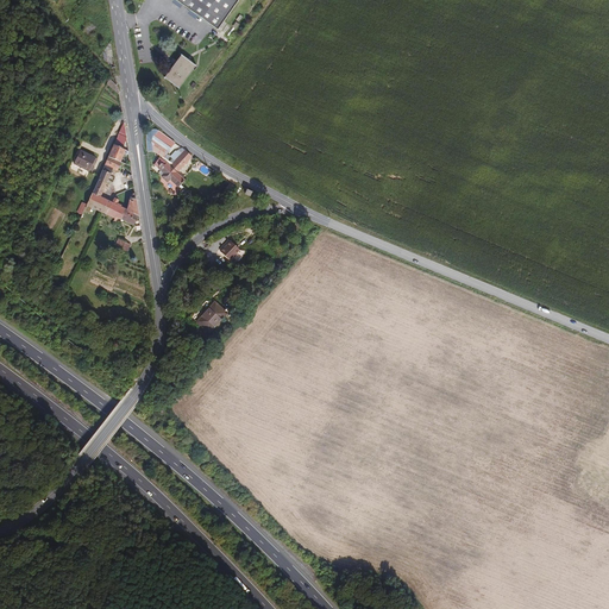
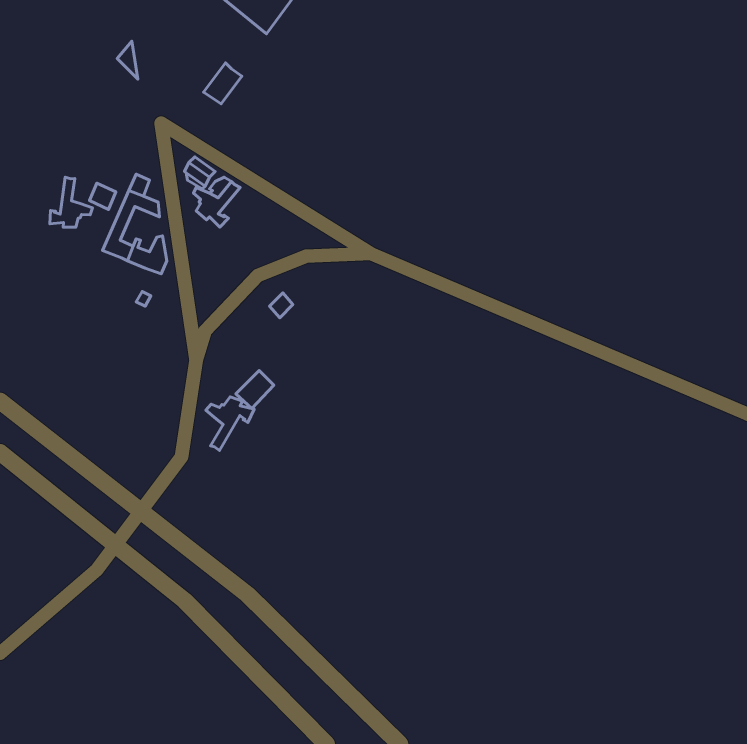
building: none -> [50,177,93,227]
building: none -> [206,397,254,451]

